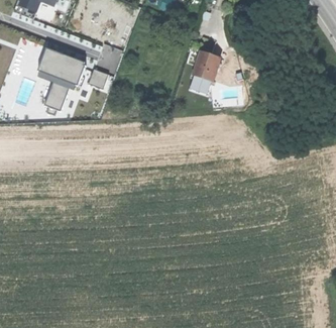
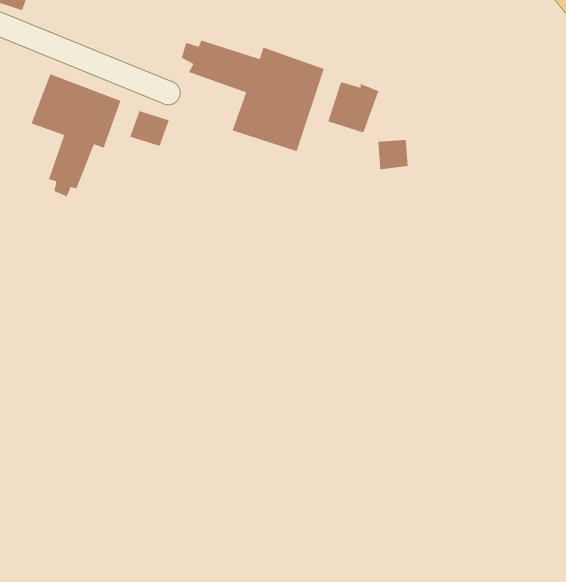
building: none -> [181,39,325,152]

